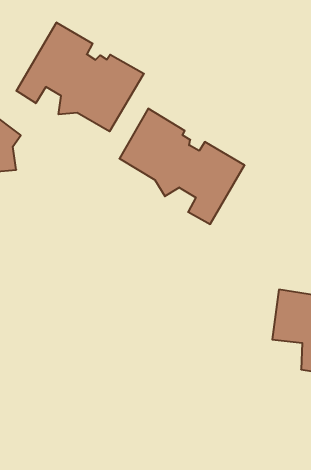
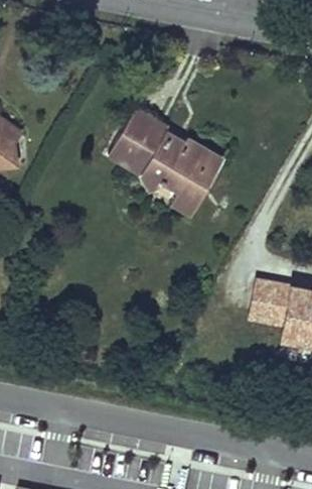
building: [16,22,144,131] -> none

